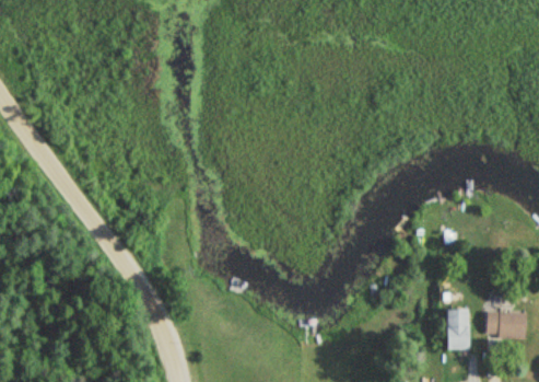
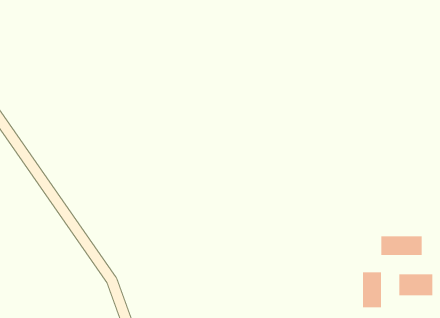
building: none -> [381,235,423,256]

